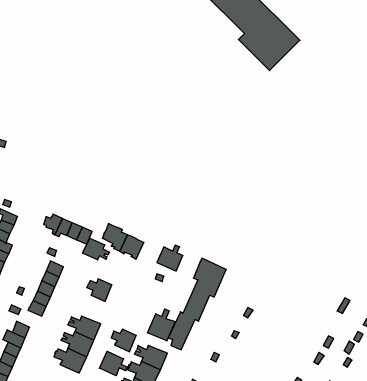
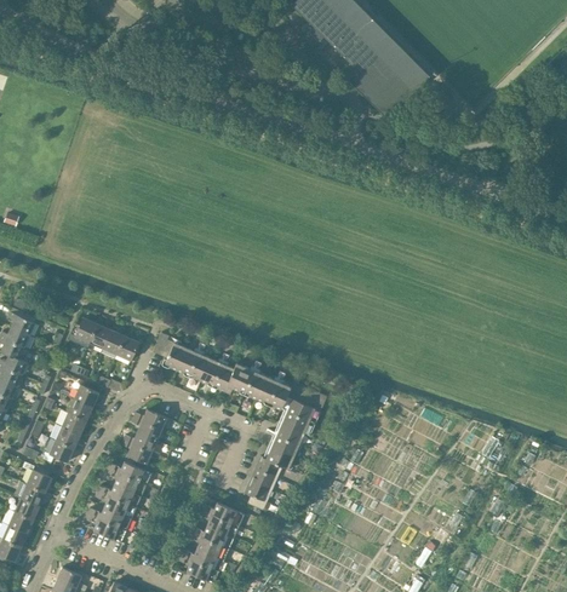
building: [83,238,109,260] -> none
building: none -> [200,358,237,391]
building: none -> [256,375,290,408]
building: [148,309,175,341] -> none
building: [111,329,136,352] -> [121,432,156,464]
building: [99,351,128,376] -> none

